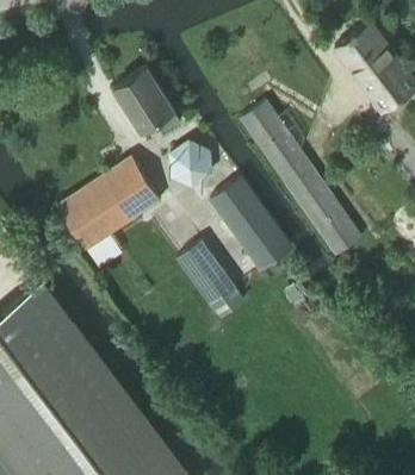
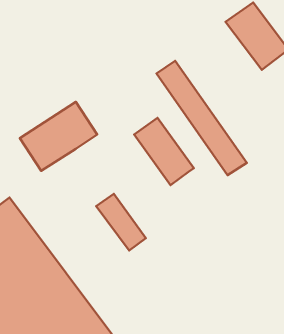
building: [113,67,180,135] -> none
building: [169,140,210,187] -> none
building: [176,242,243,318] -> [96,194,146,250]

